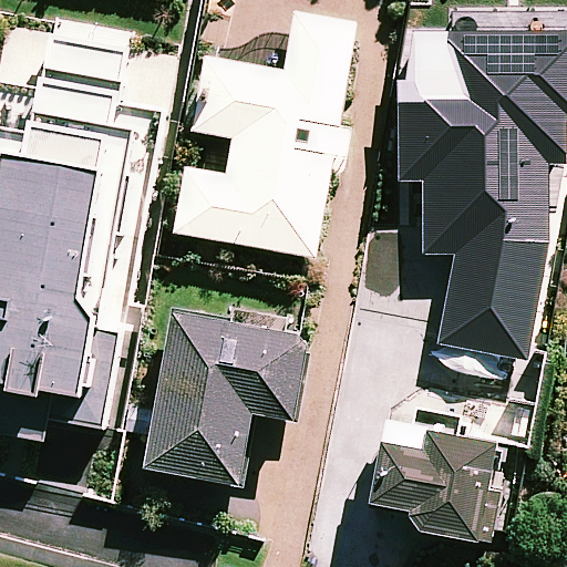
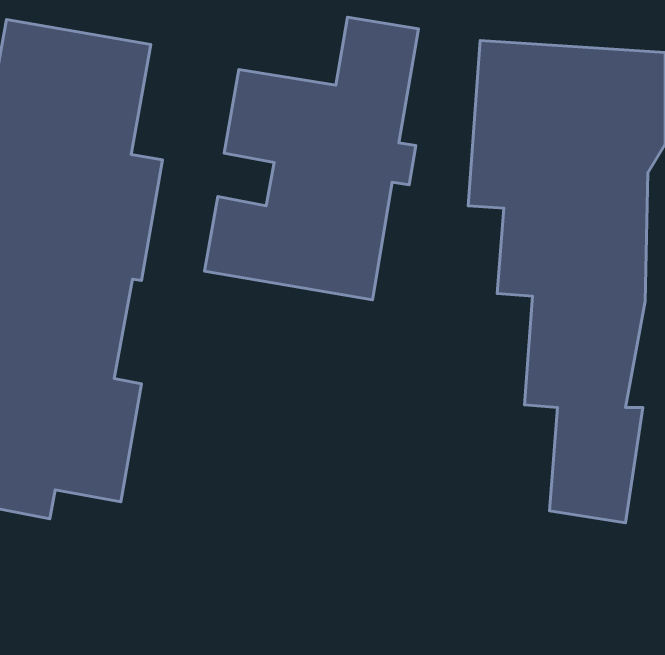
building: [143,312,306,484] -> none
building: [368,431,494,542] -> none

